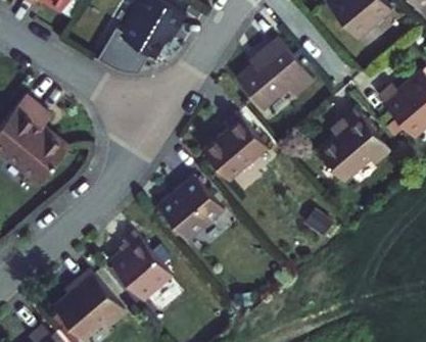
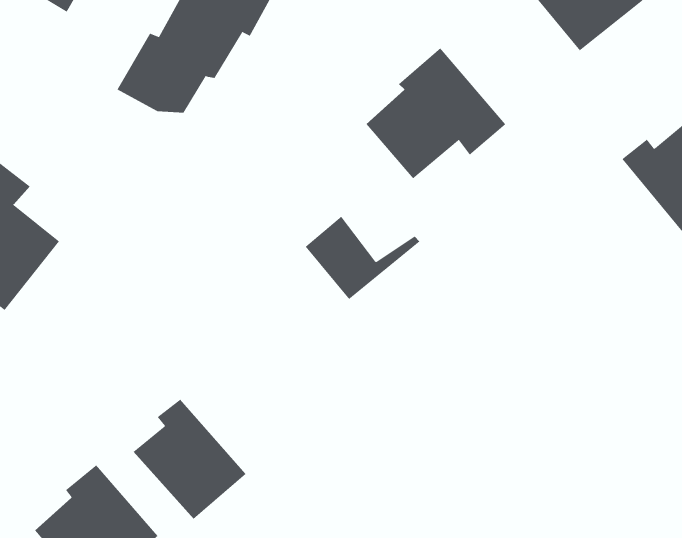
building: [226,111,267,156] -> none
building: [321,113,394,185] -> none
building: [159,174,225,239] -> none

